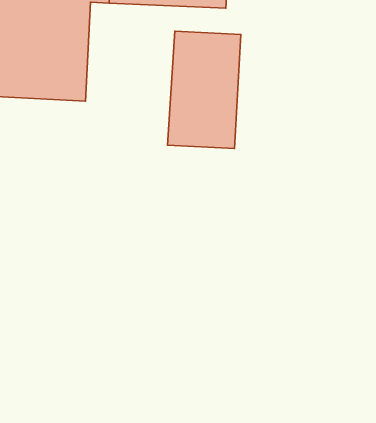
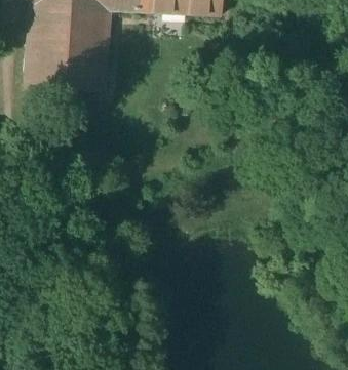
building: [167,31,241,149] -> none

